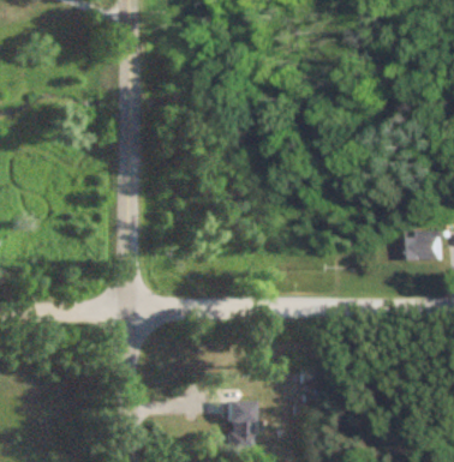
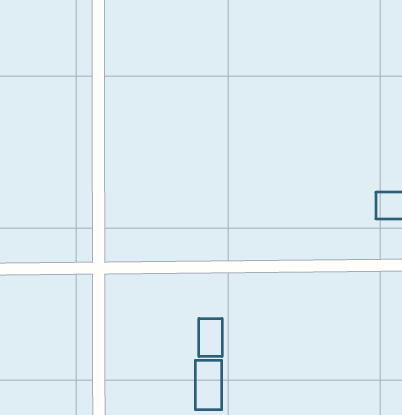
building: none -> [199,318,222,357]

